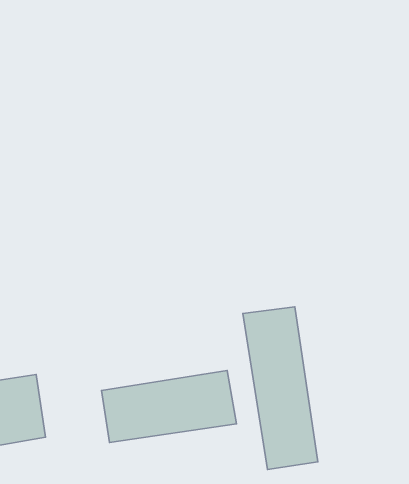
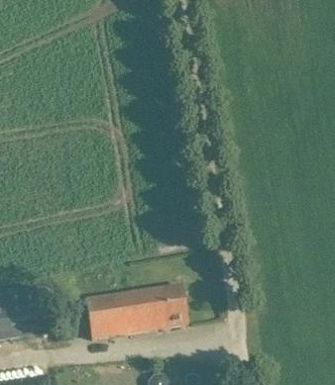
building: [243,307,318,470] -> none

